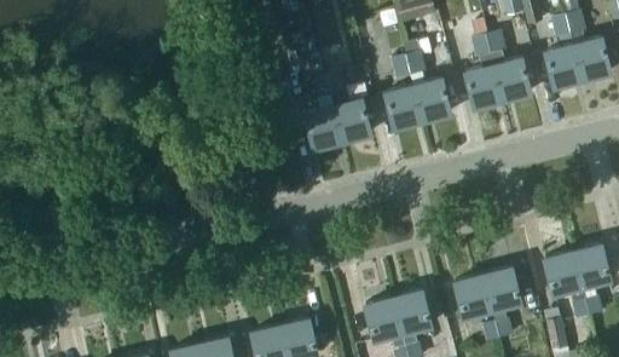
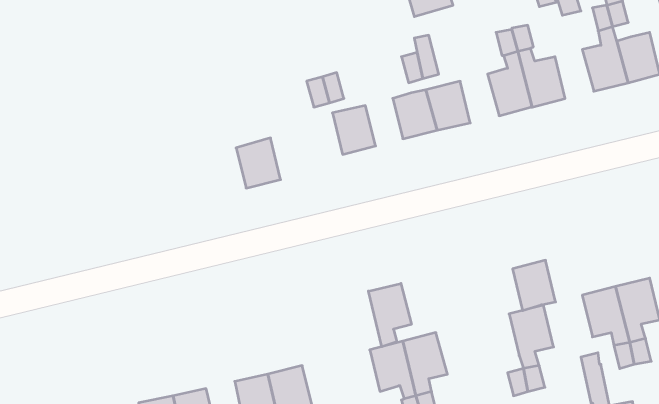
building: [305,105,342,148] -> [236,138,281,188]
building: none -> [368,283,411,347]
building: [455,275,491,317] -> [513,260,556,311]

